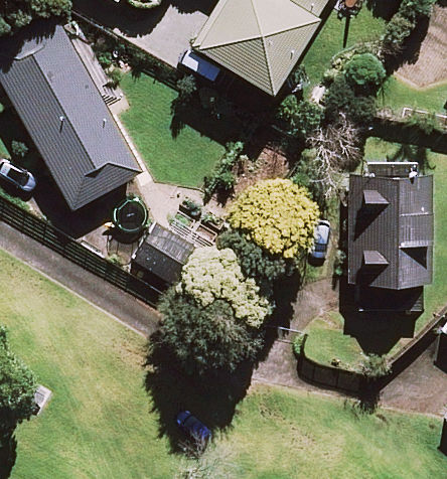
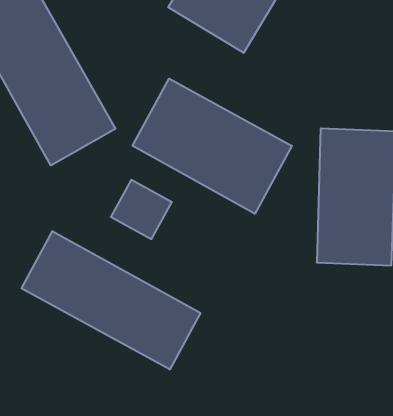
building: none -> [133,79,292,214]
building: none -> [21,231,200,370]

